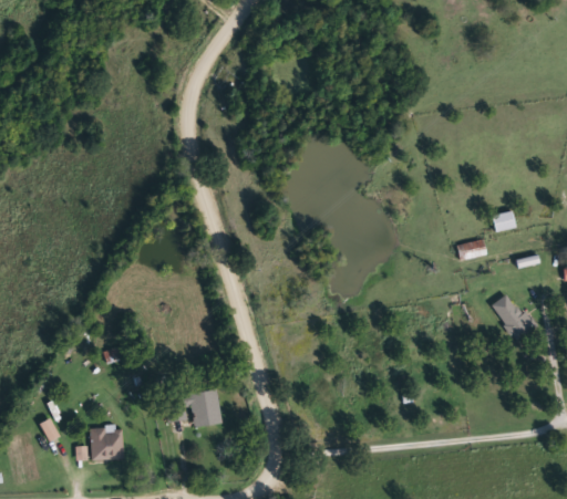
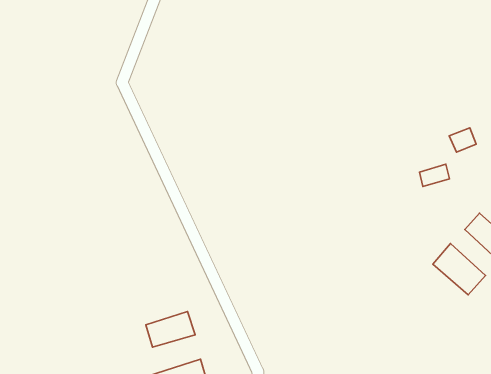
building: none -> [433,244,485,295]
building: none -> [146,312,195,347]

